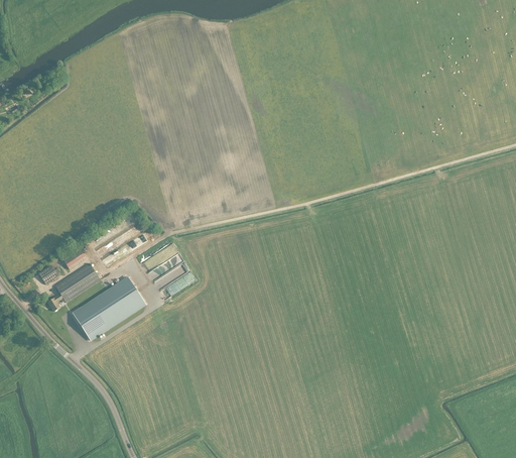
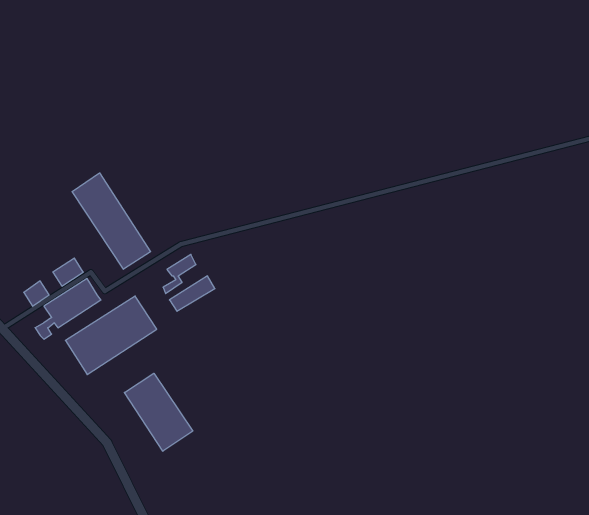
building: none -> [72,173,151,269]
building: none -> [124,373,193,451]

